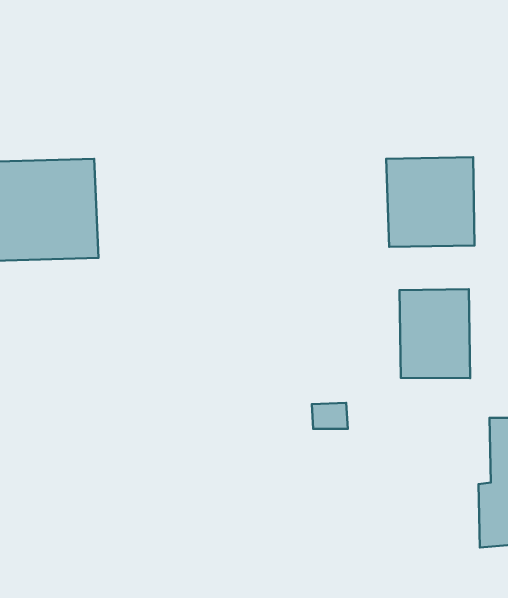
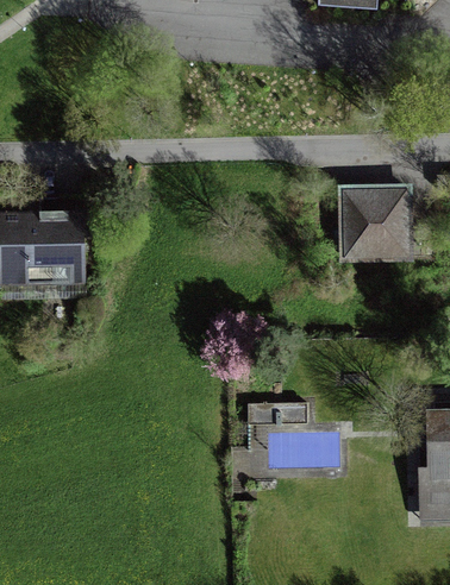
building: [399,289,470,378] -> none

